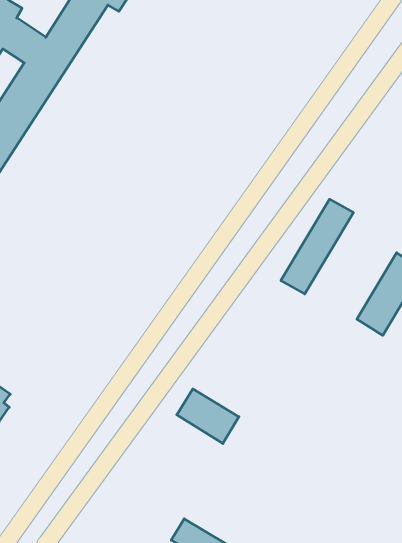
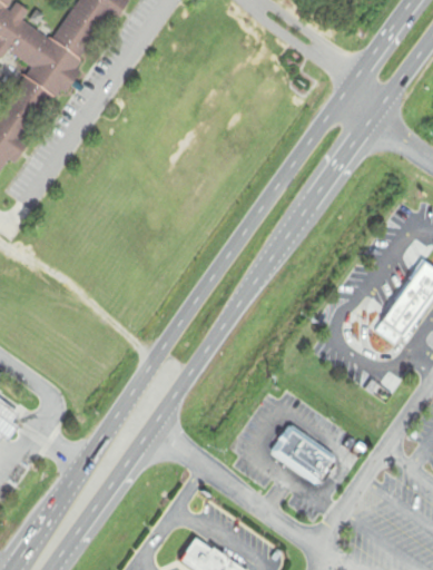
building: [281,199,353,294] -> none
building: [177,389,239,444] -> [269,428,334,484]

